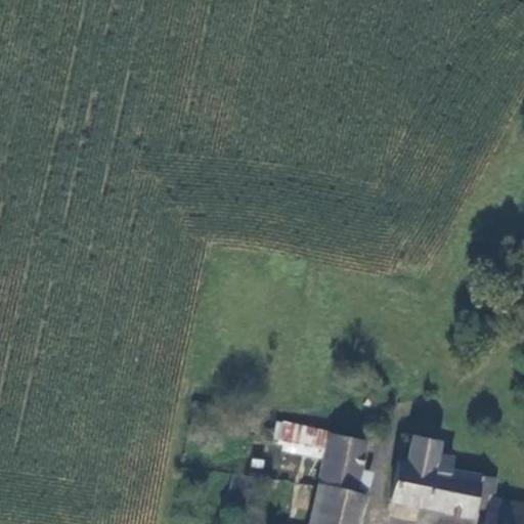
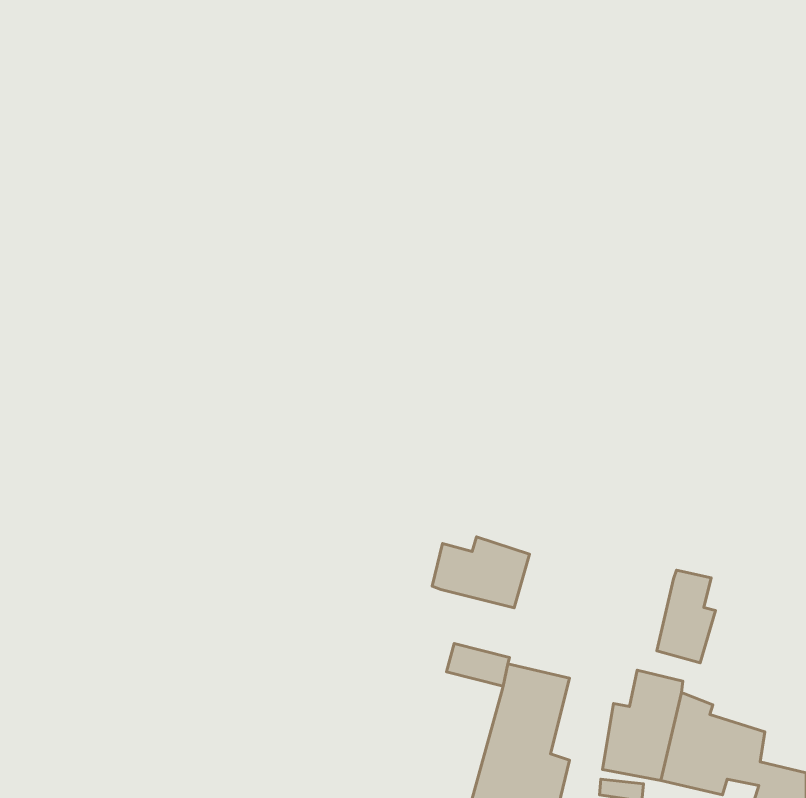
building: none -> [432,537,530,608]
building: none -> [657,570,716,663]

